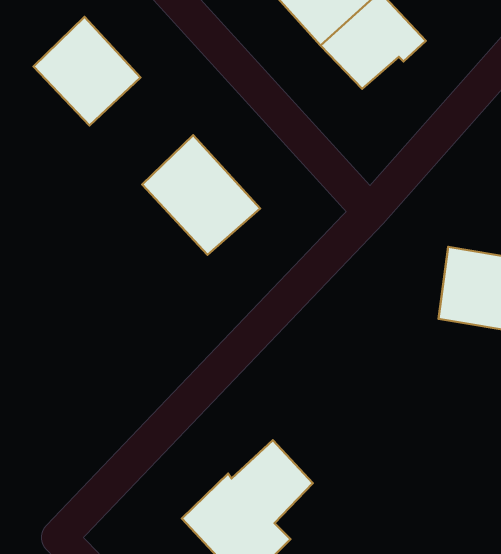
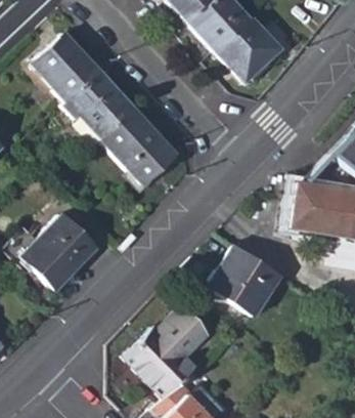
building: none -> [64,74,134,142]
building: none -> [24,217,98,292]
building: none -> [209,246,282,318]

